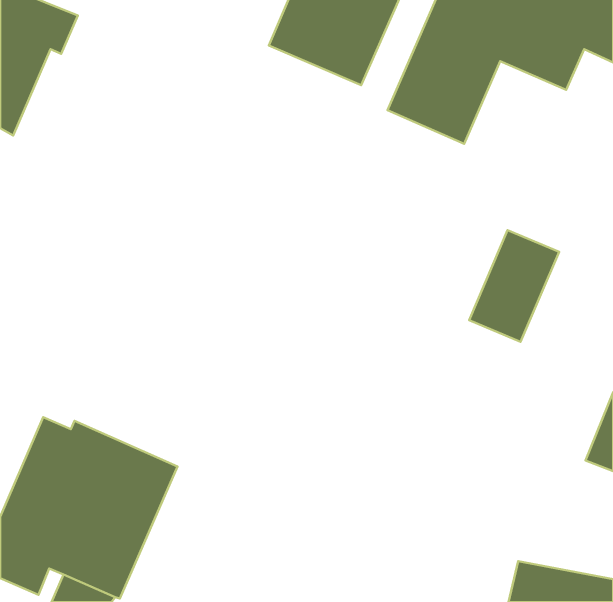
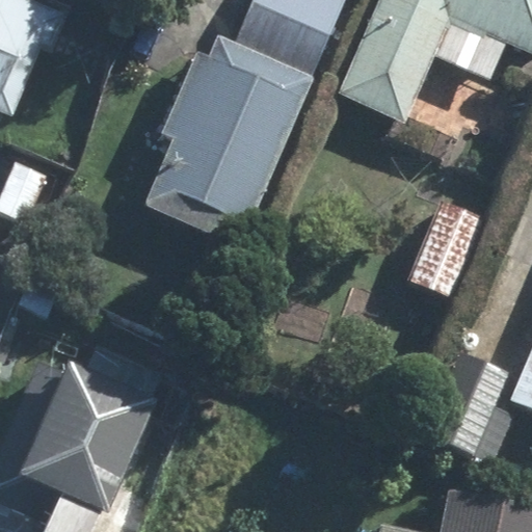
building: none -> [143,35,315,247]

